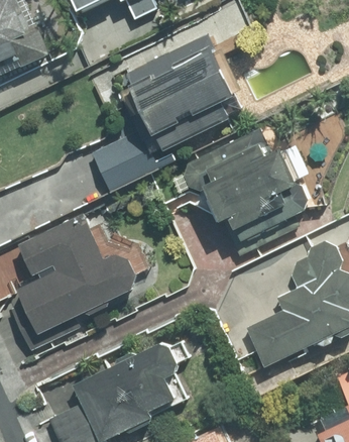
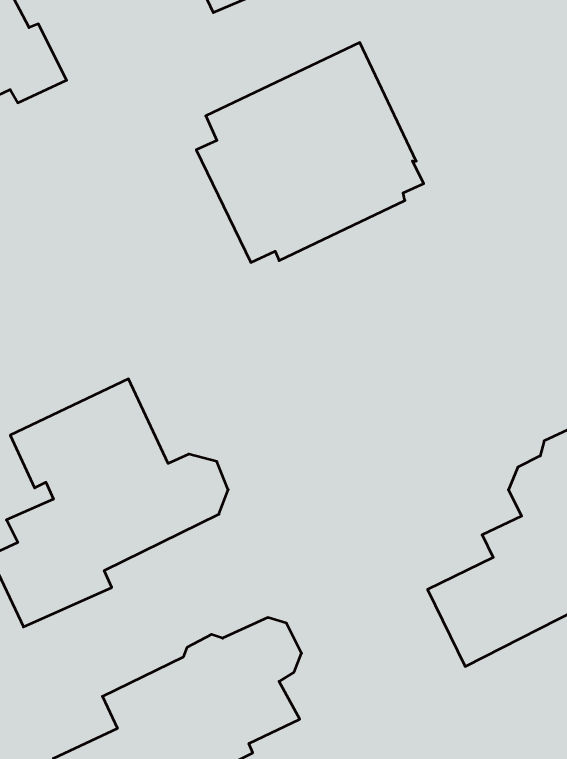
building: [91,128,157,192] -> none
building: [184,128,311,255] -> none

